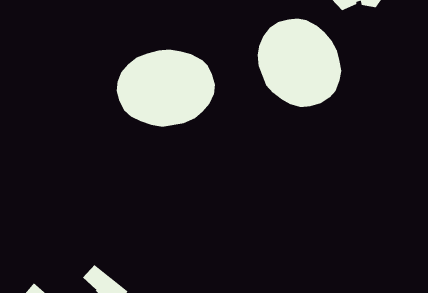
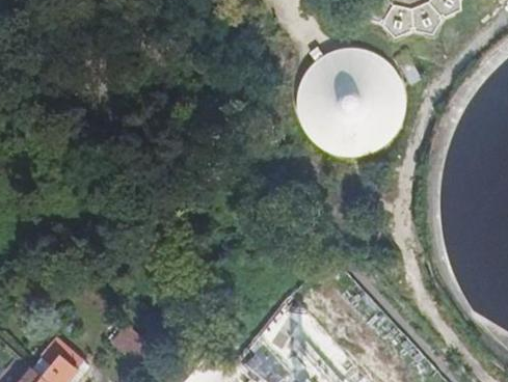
building: [116,49,216,127] -> none

